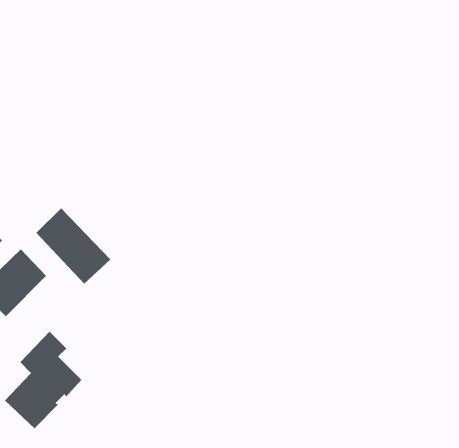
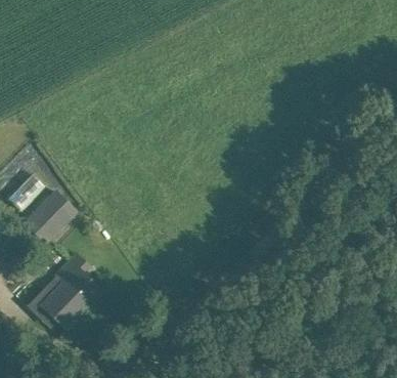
building: [36,208,111,285] -> none

